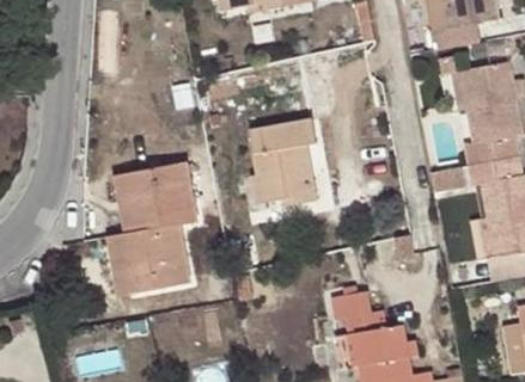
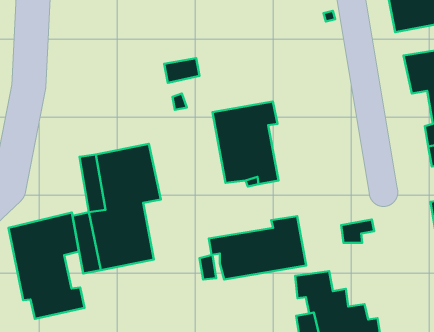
building: none -> [8,212,85,319]
building: none -> [209,216,306,280]

